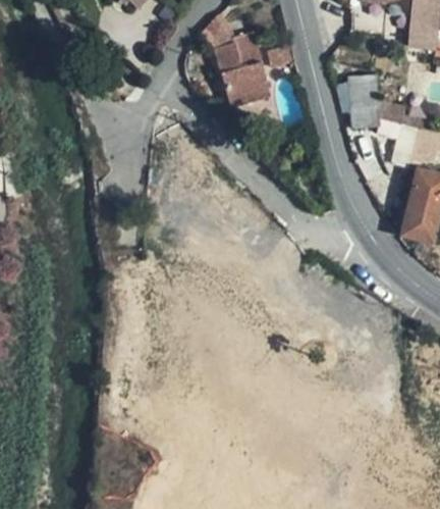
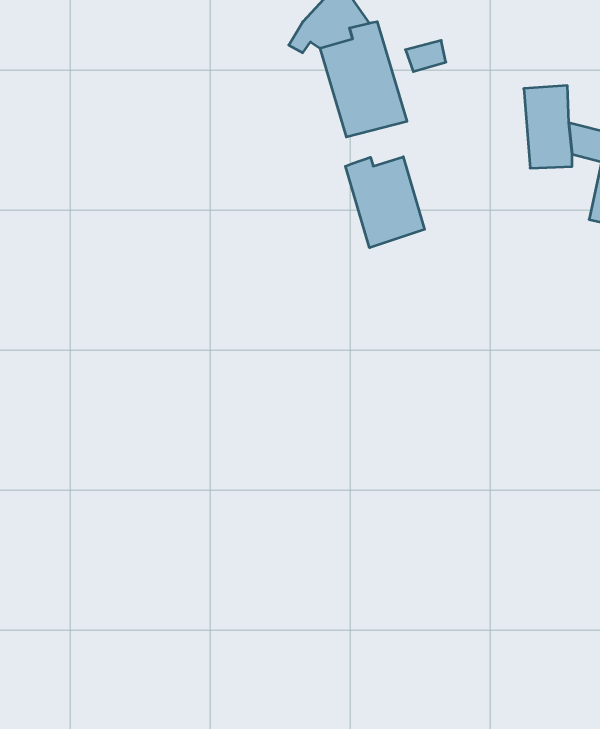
building: none -> [345,157,425,248]

